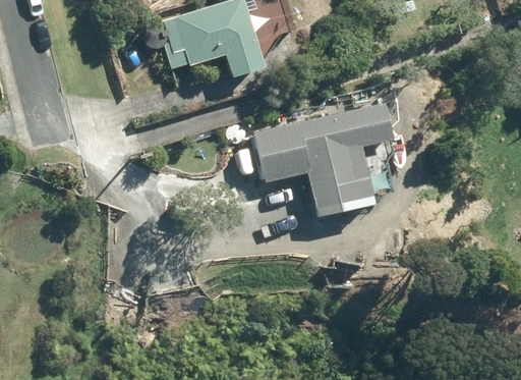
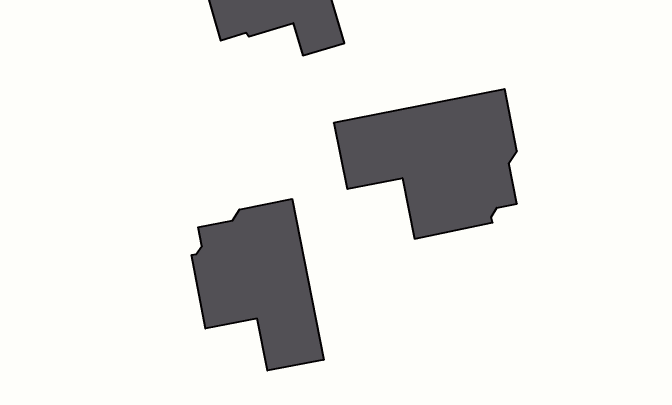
building: none -> [192,199,324,371]

